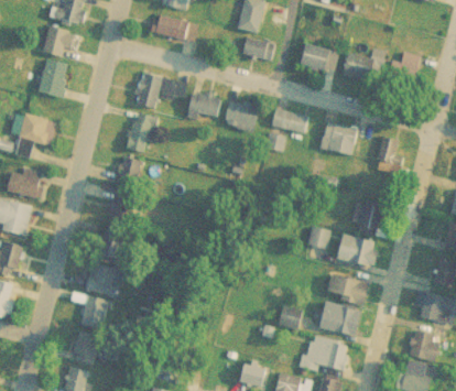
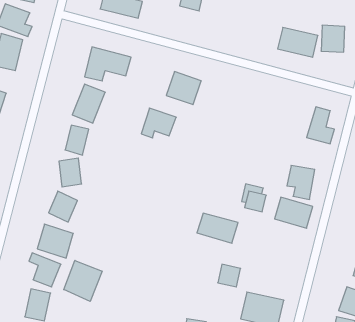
building: [240,36,275,64] -> none
building: [300,43,339,73] -> none
building: [185,89,222,121] -> [141,108,176,138]
building: [270,109,308,135] -> none
building: [318,121,357,158] -> none
building: [325,273,369,305] -> [197,213,238,243]
building: none -> [64,260,102,301]
building: [319,302,360,336] -> none

